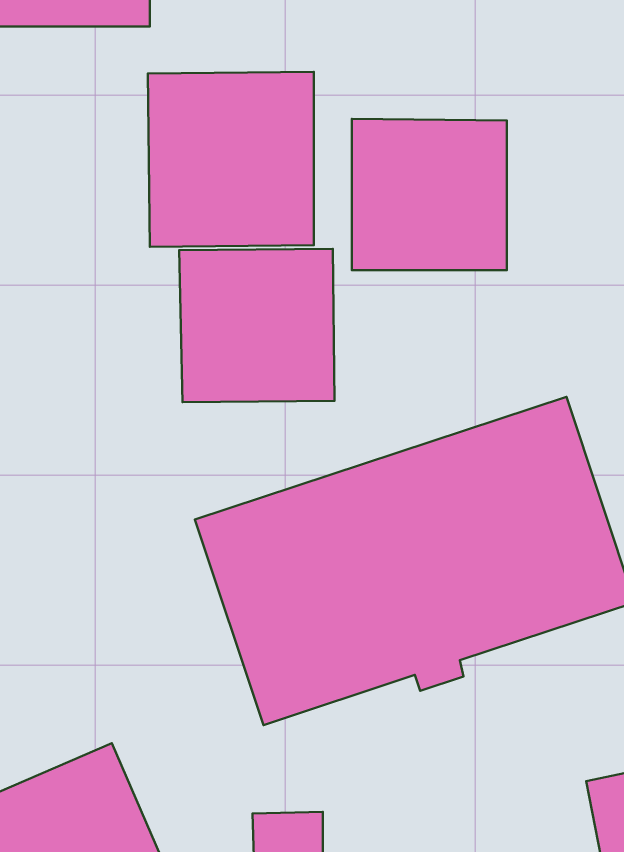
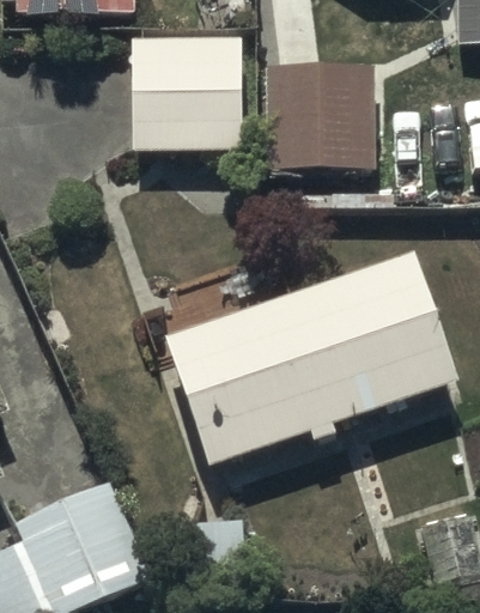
building: [179,249,334,402] -> none

